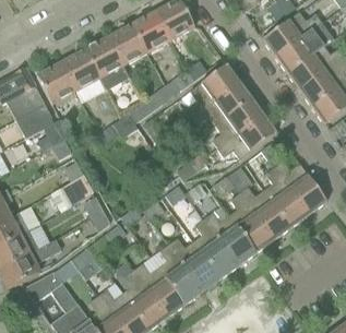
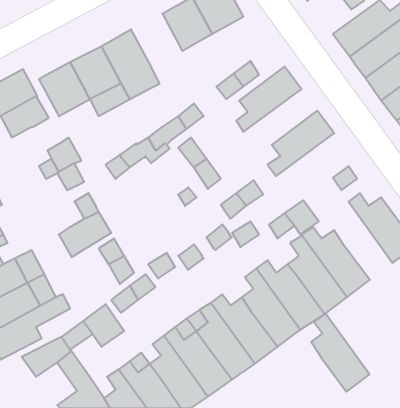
building: [108,24,147,64] -> none
building: [194,82,251,124] -> none
building: [16,104,53,138] -> none
building: [219,116,276,159] -> none
building: [264,168,309,228] -> [311,313,369,392]

